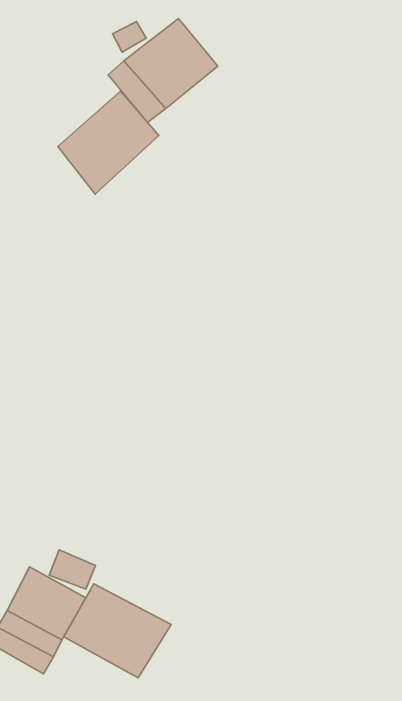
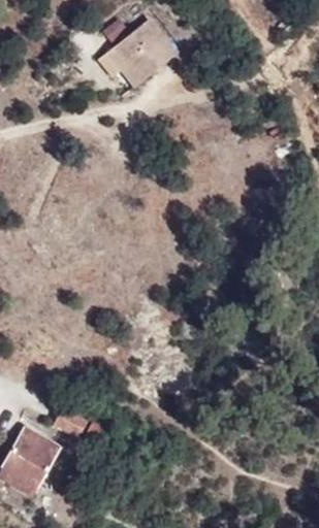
building: [58,91,159,194] -> none
building: [64,584,171,678] -> none

